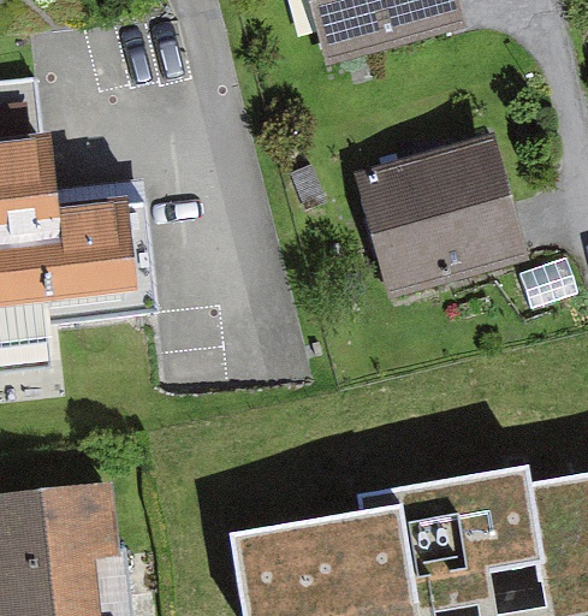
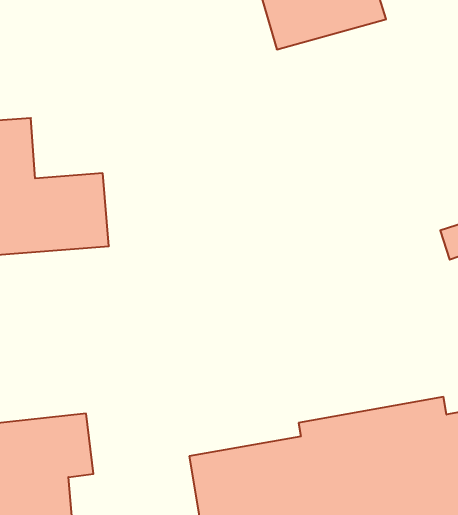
building: [364,143,524,297] -> none

